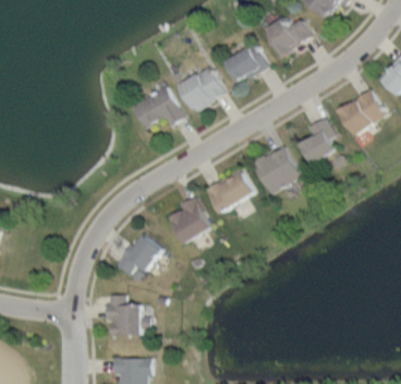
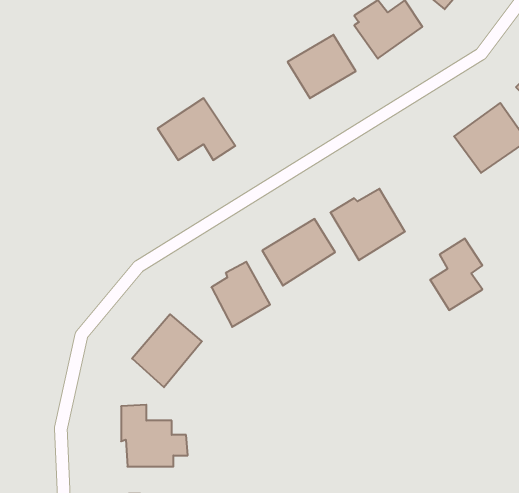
building: [178,65,227,112] -> none
building: [301,117,337,166] -> [430,239,482,310]

